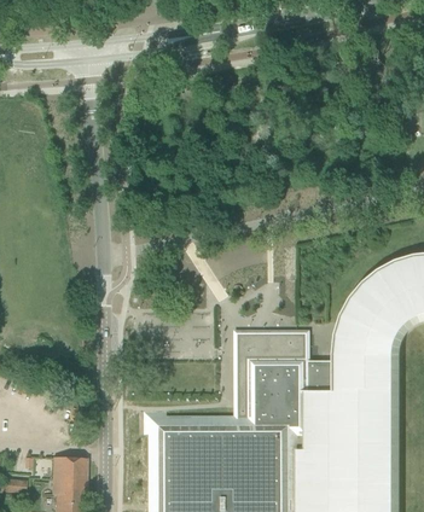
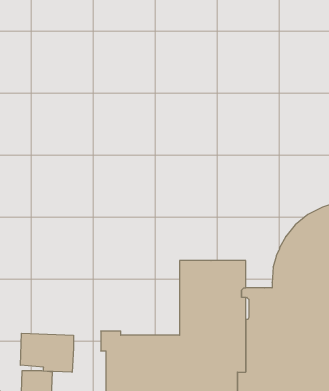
building: none -> [20,333,74,372]

